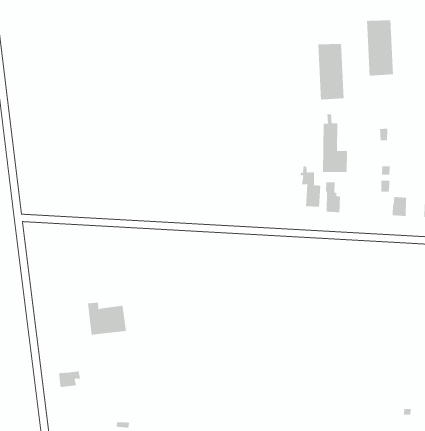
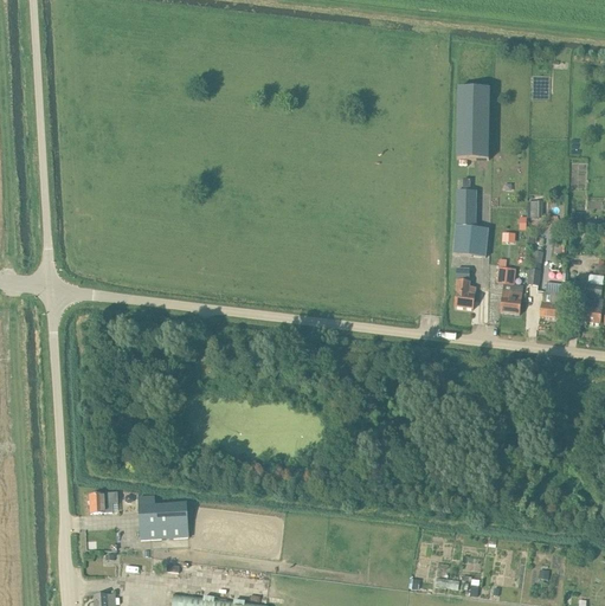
building: [367,20,394,77] -> none
building: [300,166,321,207] -> [495,258,522,314]
building: [87,302,127,335] -> [139,496,188,539]

